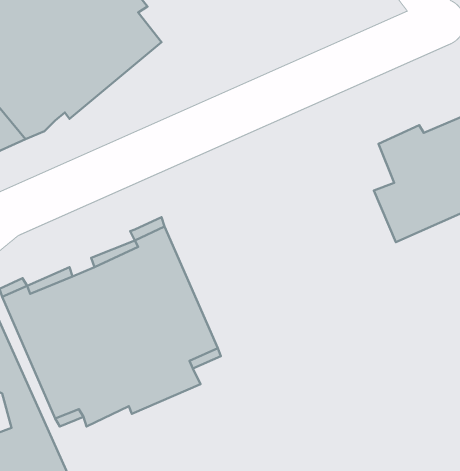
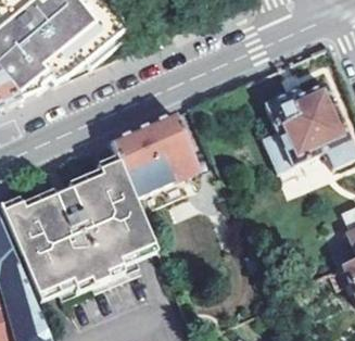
building: none -> [110,109,214,197]

